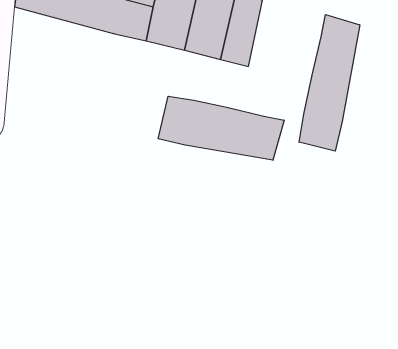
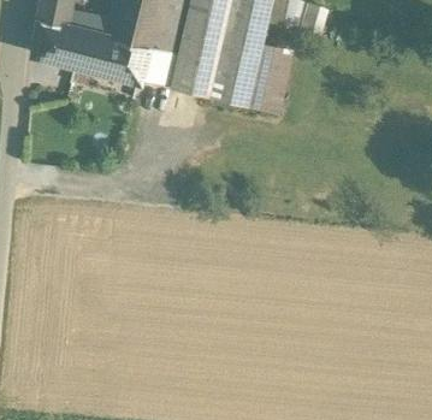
building: [299,15,360,151] -> none
building: [158,96,284,160] -> none

